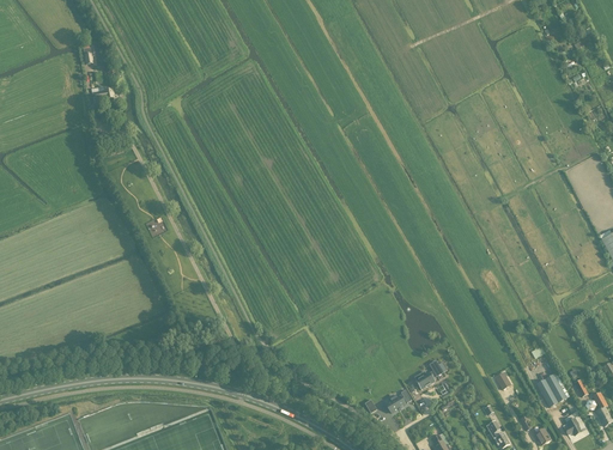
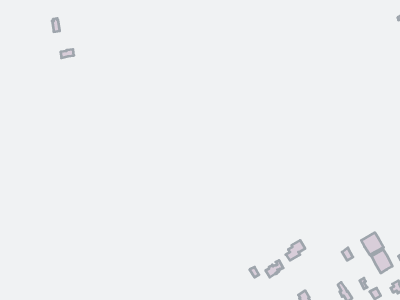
building: none -> [361,233,384,255]

